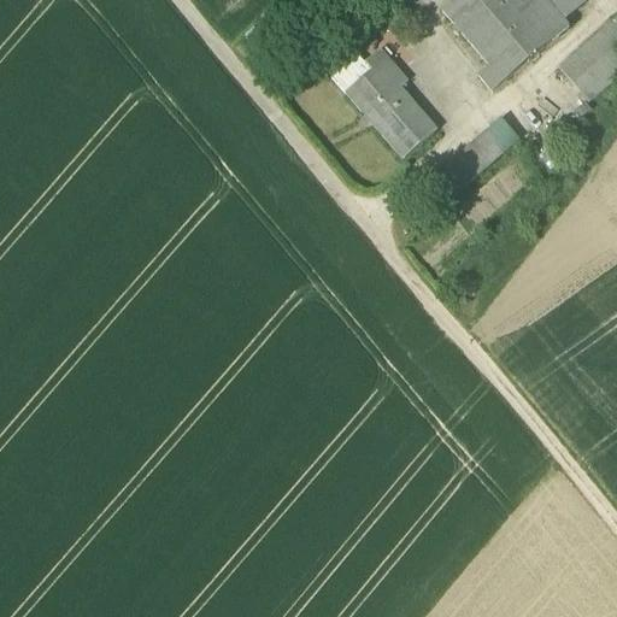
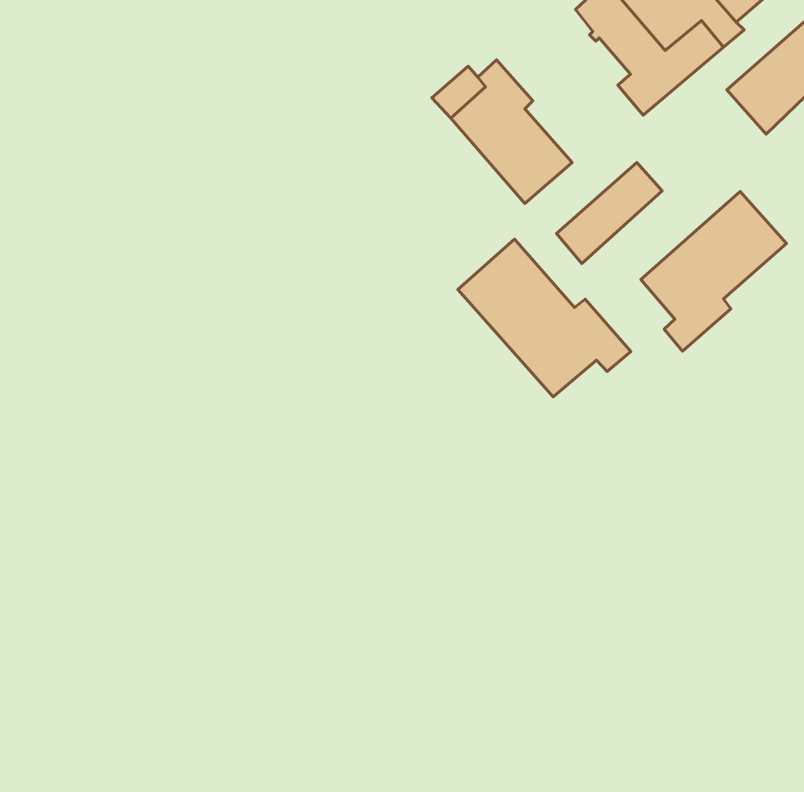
building: none -> [641,191,786,351]
building: none -> [458,239,631,397]

